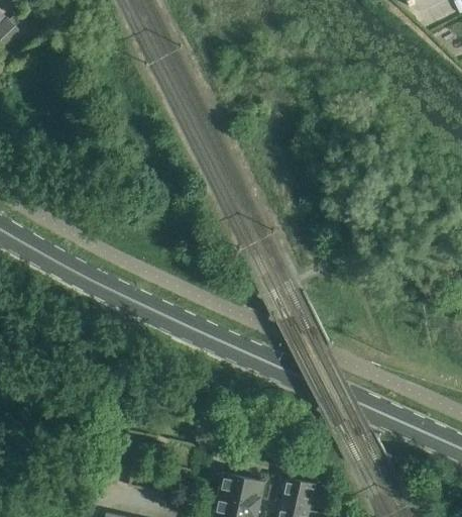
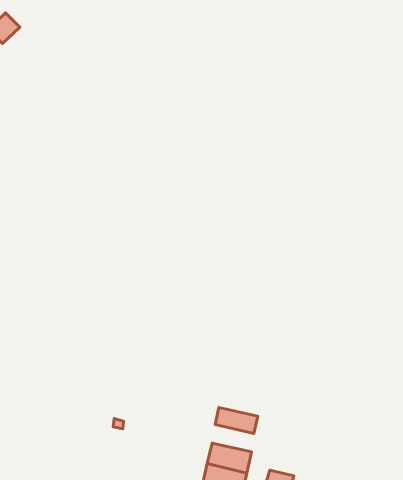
building: none -> [215,408,258,434]
building: [284,478,316,506] -> none

